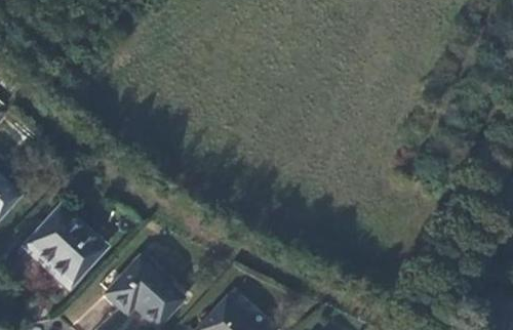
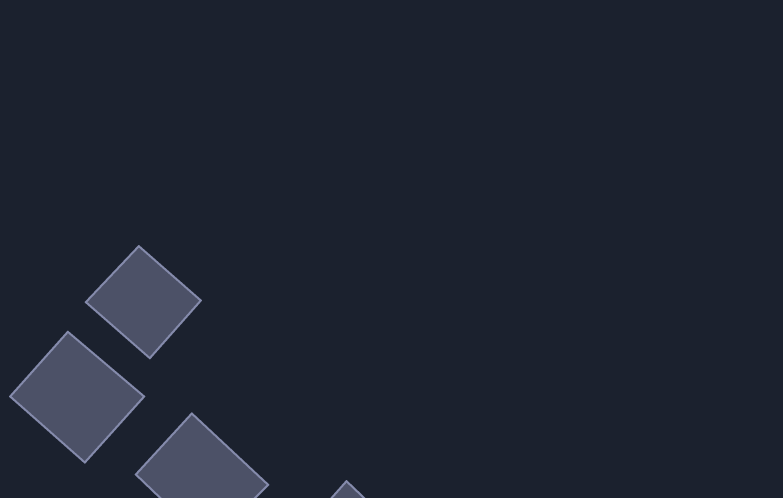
building: none -> [86,246,201,358]

